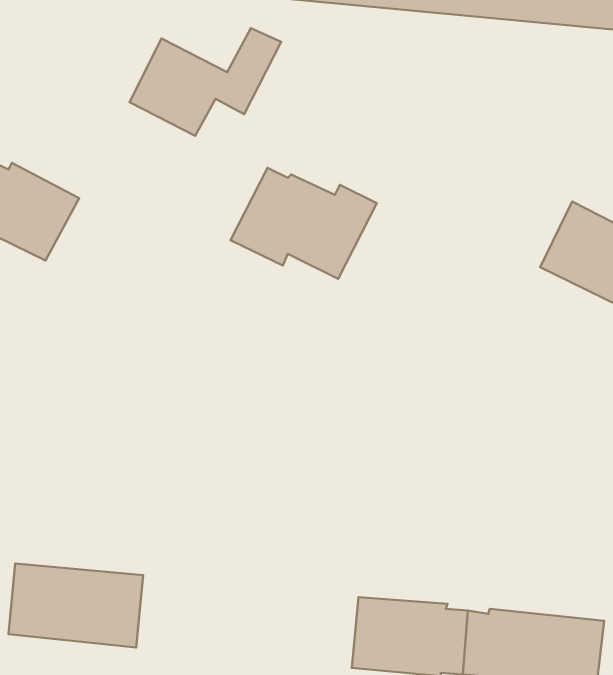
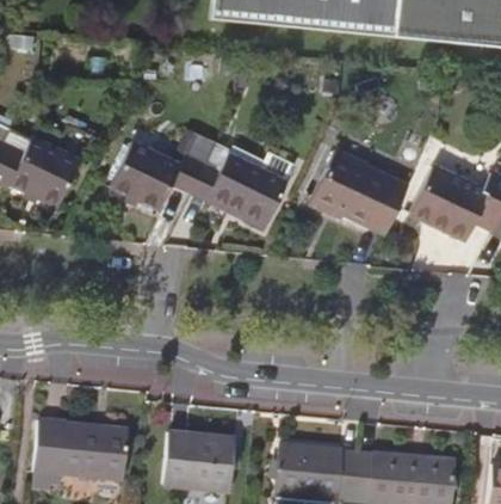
building: [130,28,281,136] -> [109,131,216,208]
building: none -> [310,147,407,233]
building: none -> [163,435,234,491]

